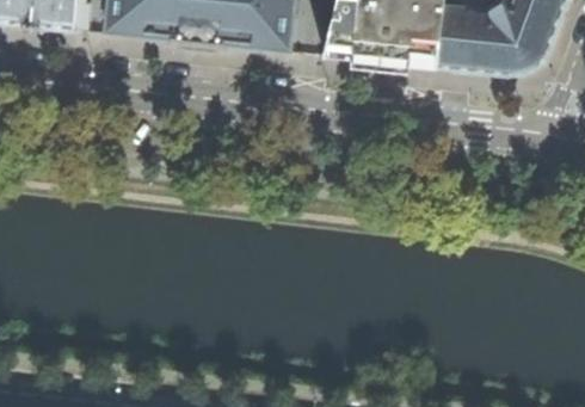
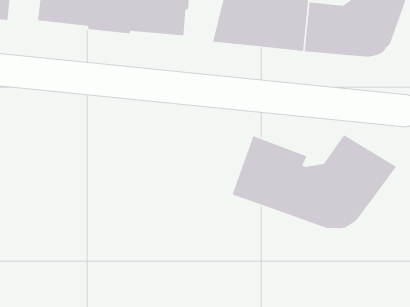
building: none -> [231,134,397,229]

